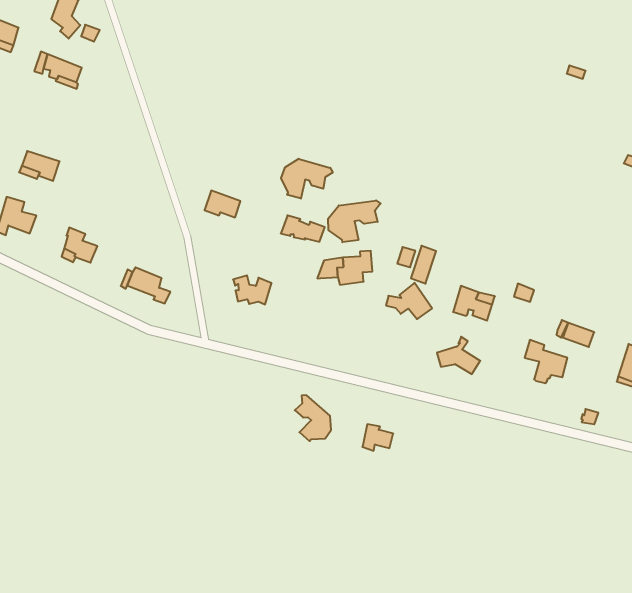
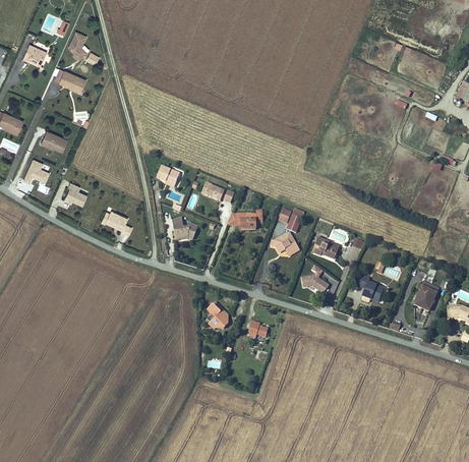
building: [281,159,333,199] -> none
building: [328,200,381,242] -> none

